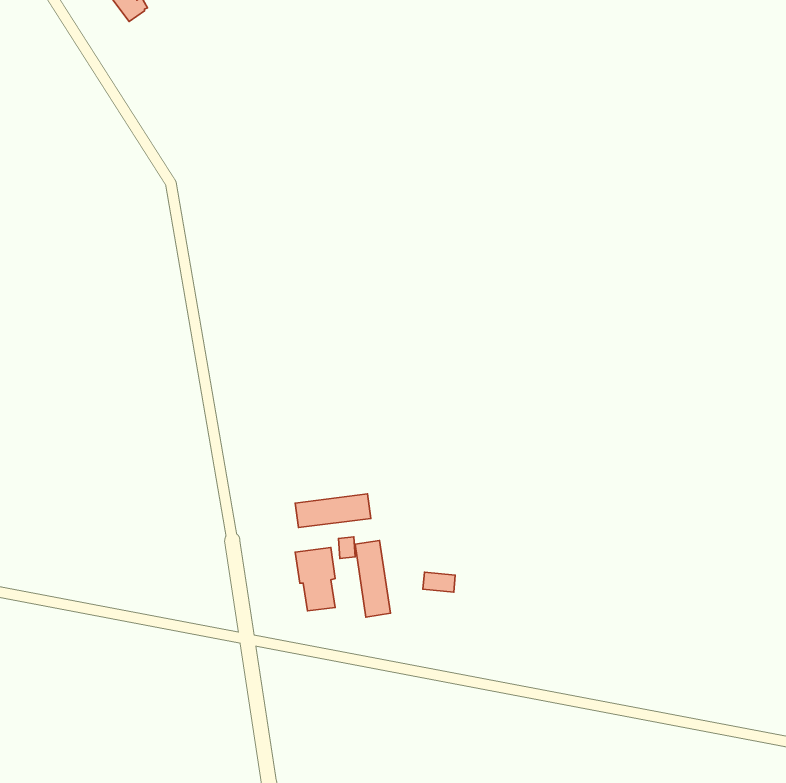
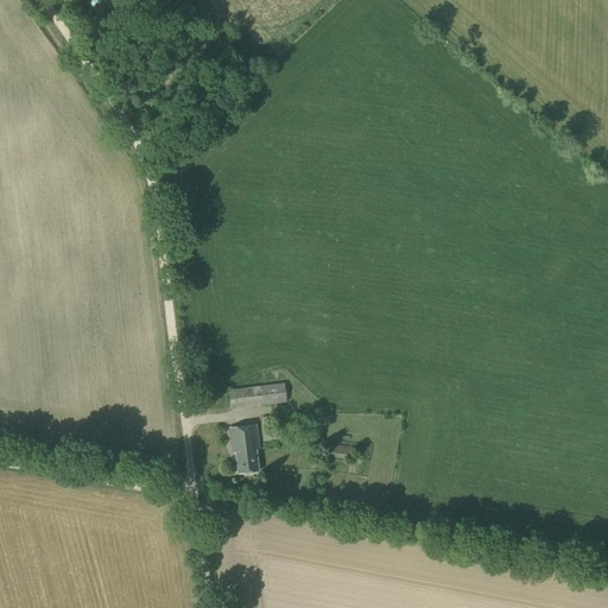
building: [355,541,390,617] -> none

